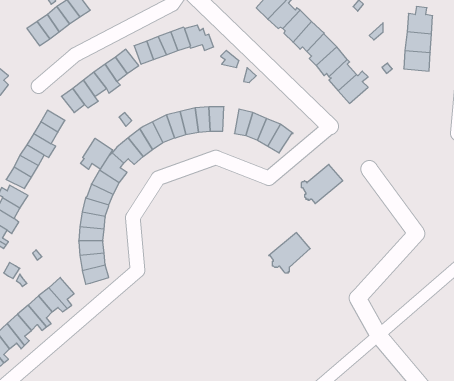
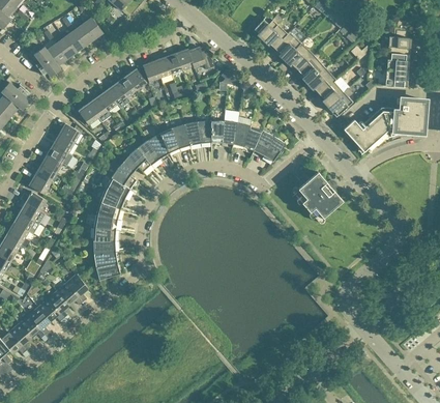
building: none -> [28,47,60,77]
building: none -> [344,99,426,152]
building: none -> [223,110,239,144]
building: [81,138,113,169] -> none
building: [269,233,310,273] -> [305,186,343,223]

